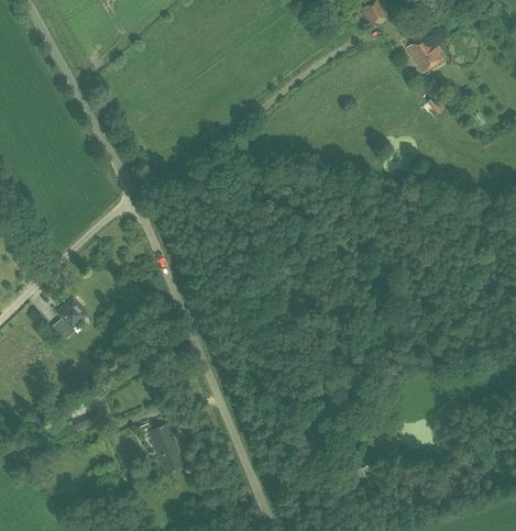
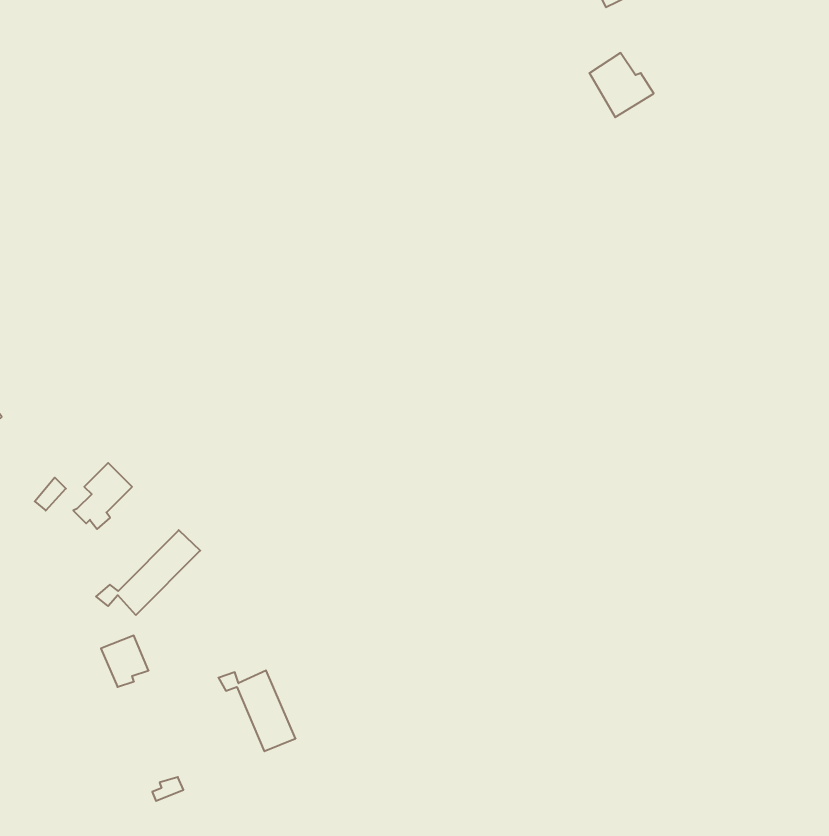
building: [406,35,444,74] -> [589,53,654,117]
building: none -> [96,530,200,615]

